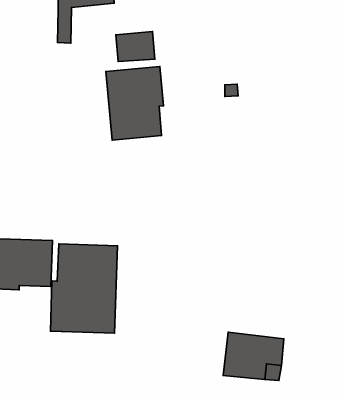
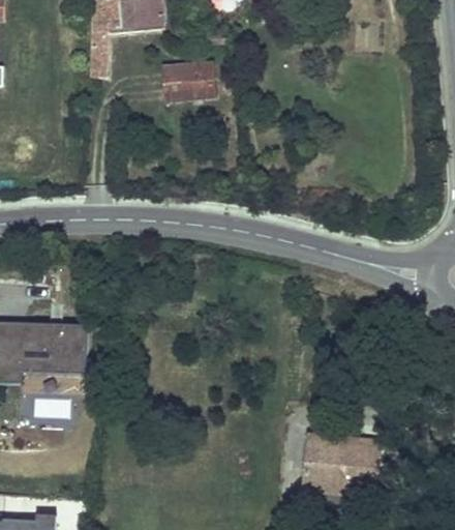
building: [106,67,164,140] -> none
building: [51,244,117,333] -> none

